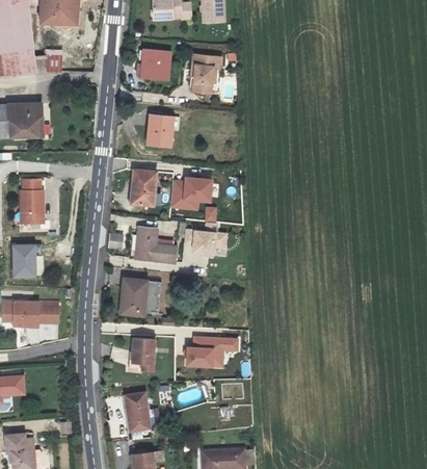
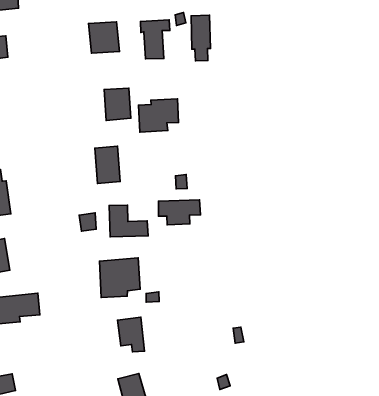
building: none -> [191,15,211,61]
building: [171,177,212,208] -> [138,99,179,132]
building: [186,335,240,368] -> none

